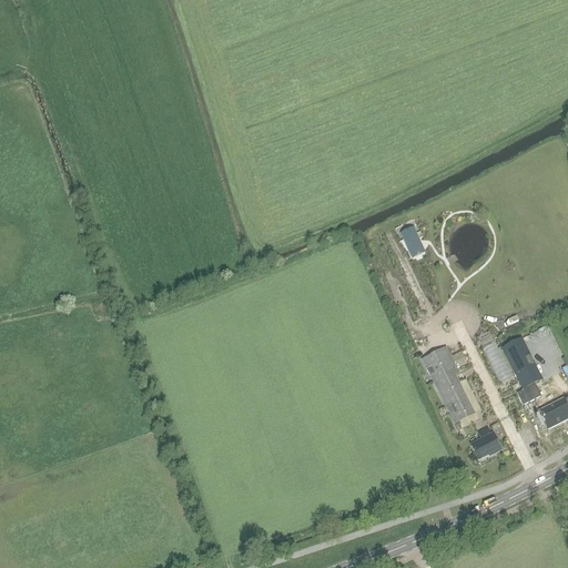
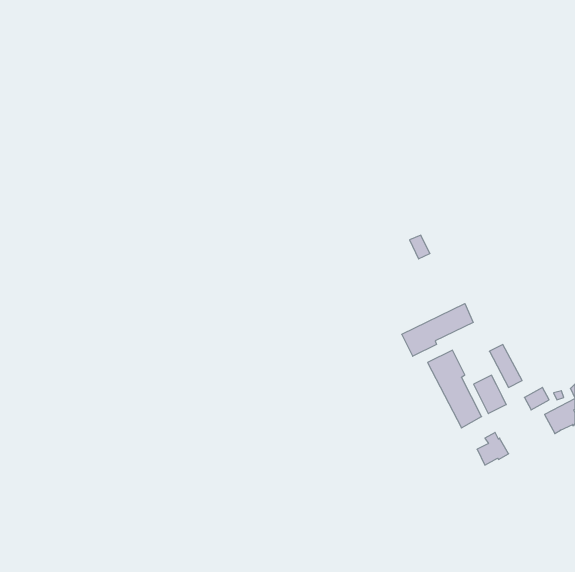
building: none -> [402,304,473,356]
building: [506,343,538,381] -> [474,375,506,414]

